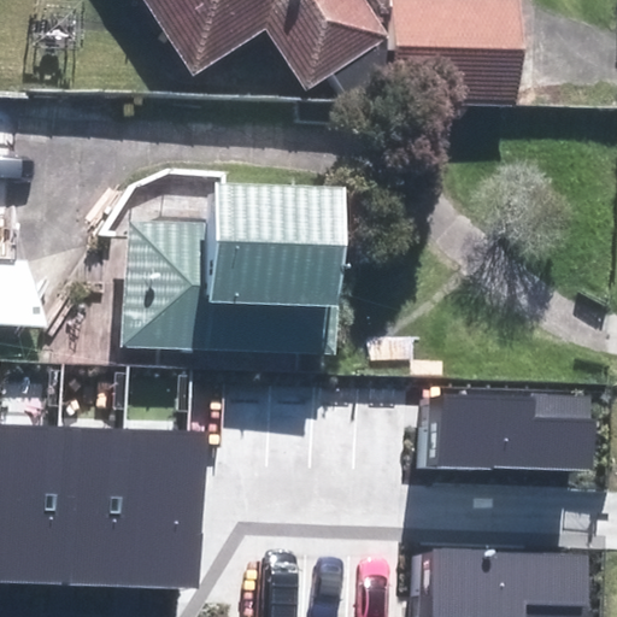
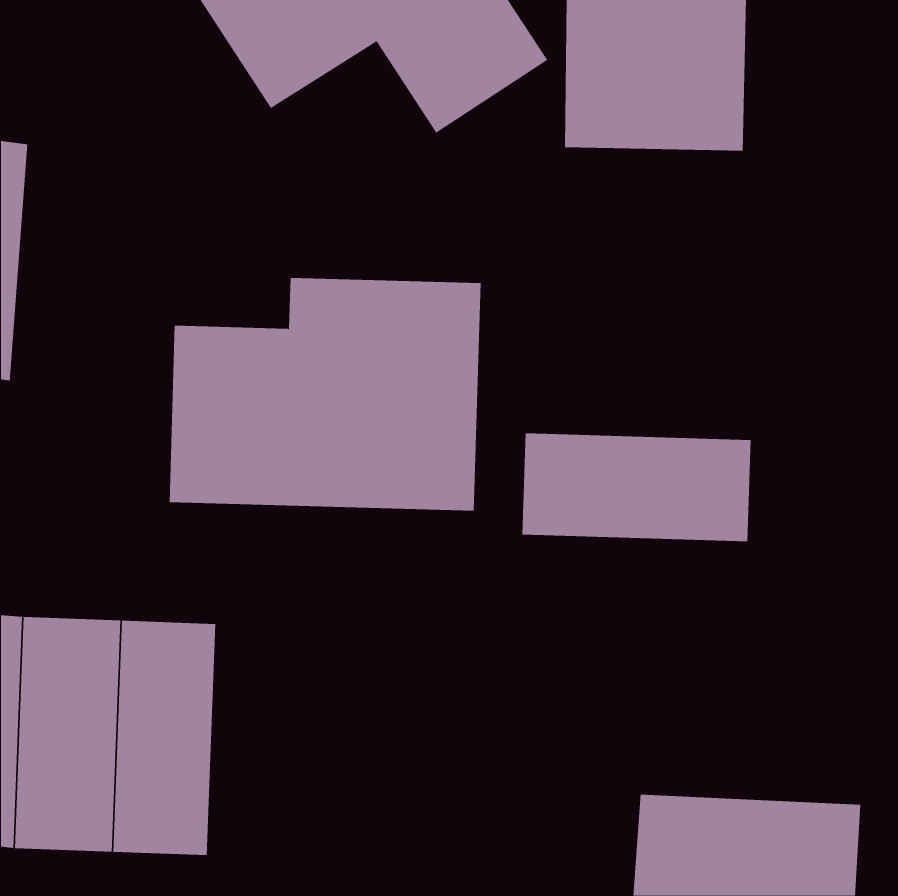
building: [435,395,593,470] -> [521,433,752,542]
building: [142,428,213,589] -> none

